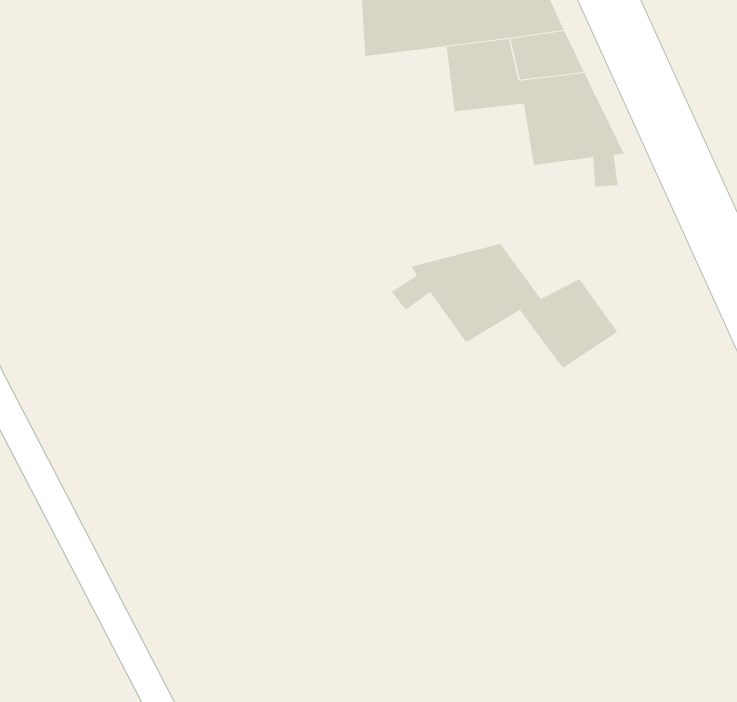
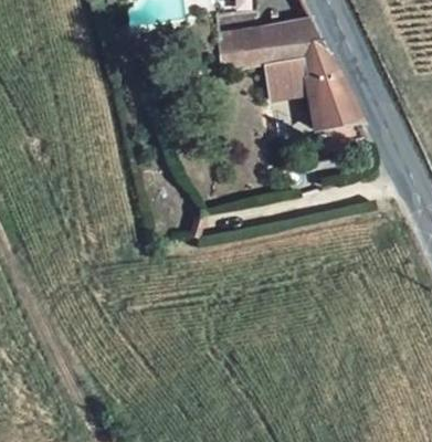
building: [391,243,618,369] -> none

